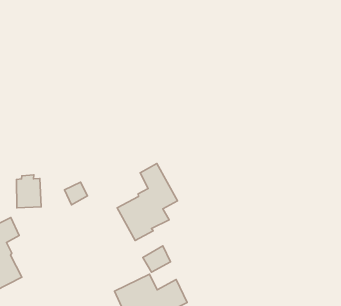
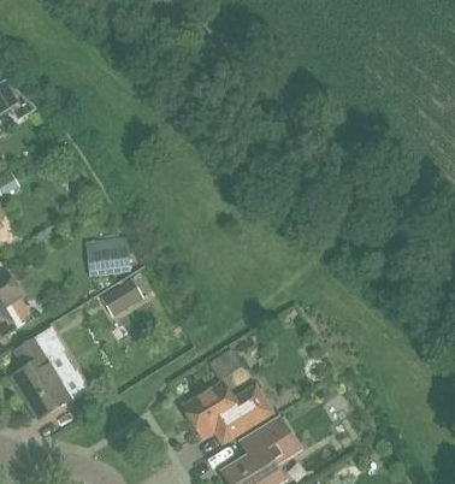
building: [117,163,178,240] -> none
building: [16,175,41,208] -> [95,232,128,273]

